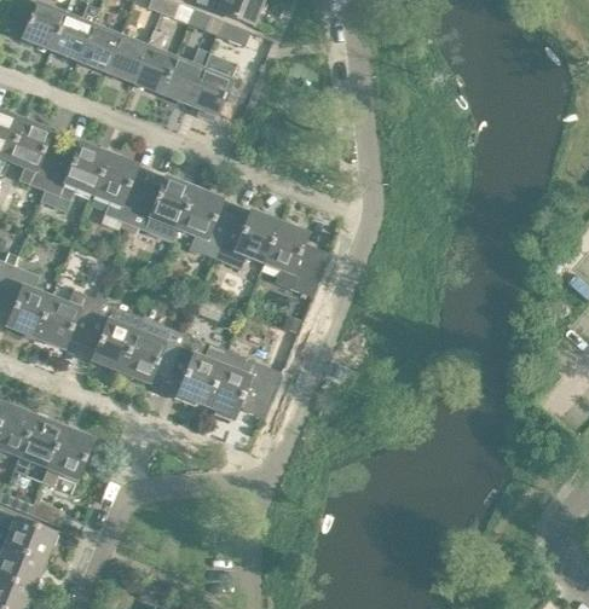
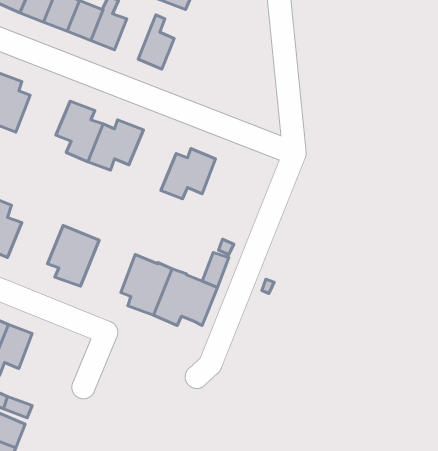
building: [160,48,208,104] -> none
building: [44,141,108,201] -> none
building: [177,187,232,259] -> none
building: [262,221,329,297] -> none
building: [34,290,99,348] -> none
building: [120,317,184,383] -> none
building: [41,427,92,487] -> none

